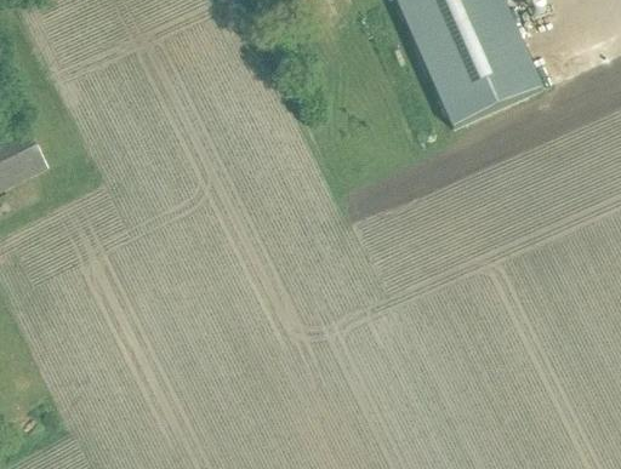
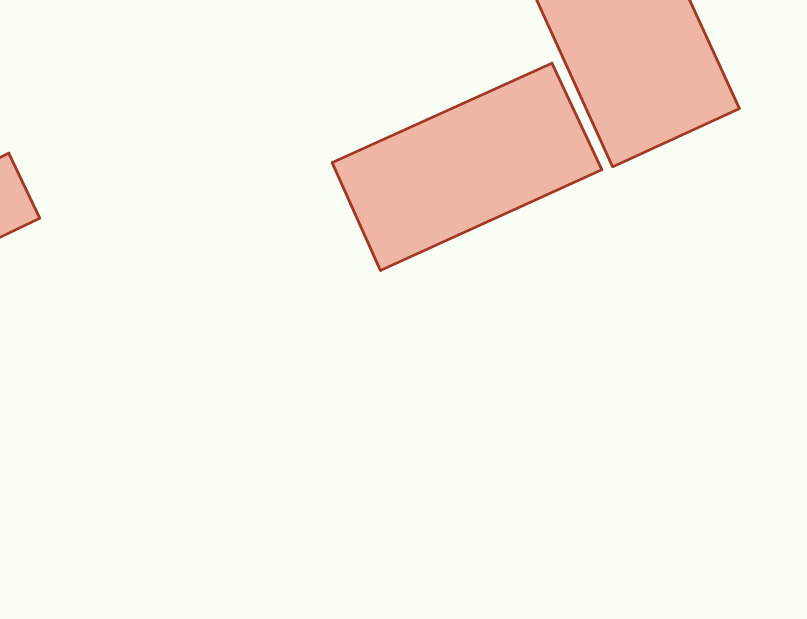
building: none -> [332,63,602,271]

